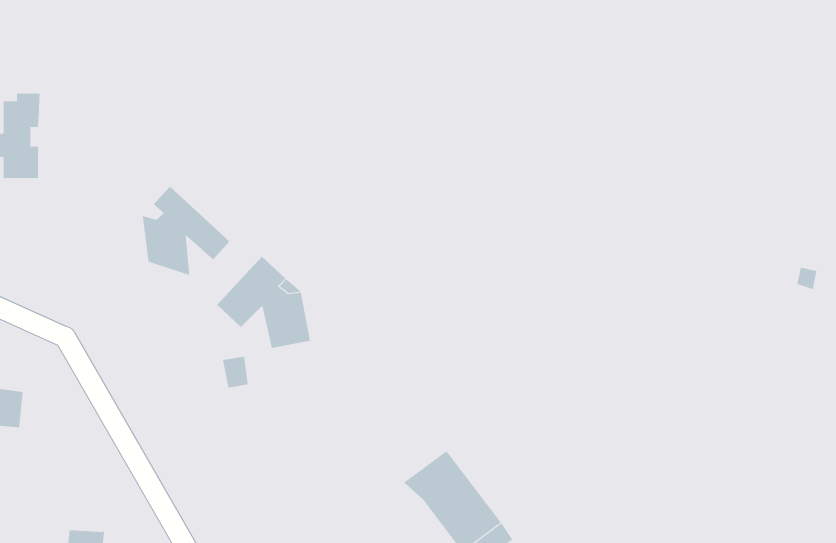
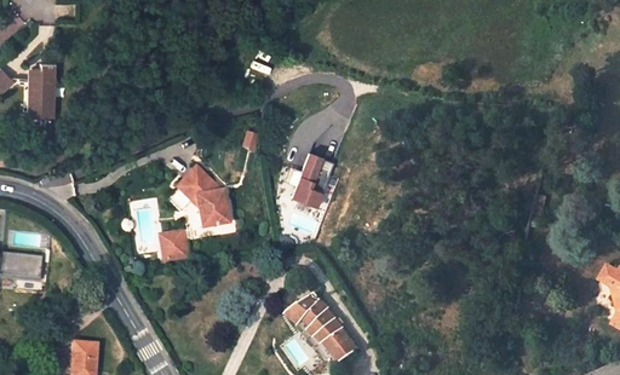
building: [142,186,230,276] -> none
building: none -> [292,152,327,207]

